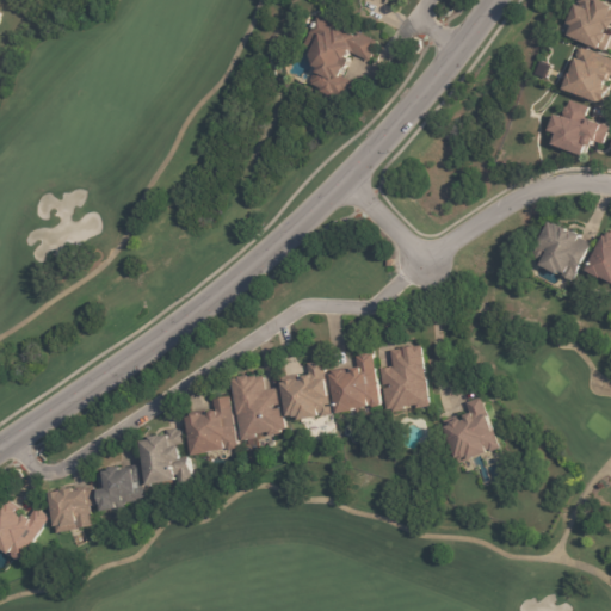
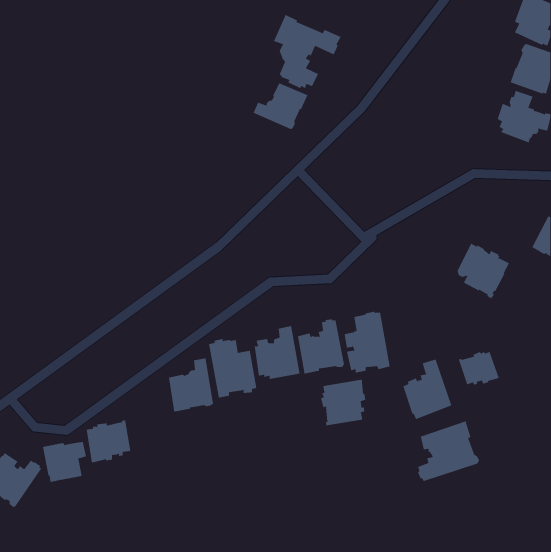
building: none -> [253,82,308,130]
building: [532,222,591,284] -> [457,243,510,299]
building: none -> [458,351,500,385]
building: none -> [321,379,366,426]
building: [138,426,191,483] -> none
building: none -> [417,420,480,482]

